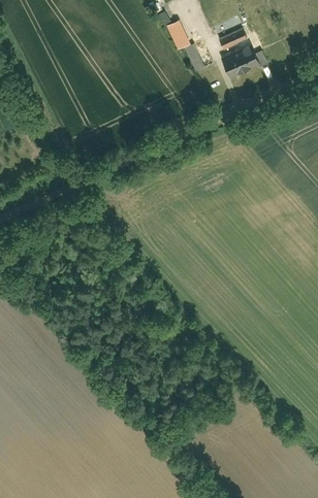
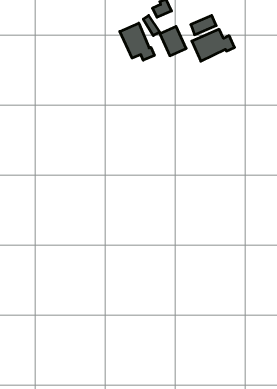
building: none -> [120,23,154,60]

